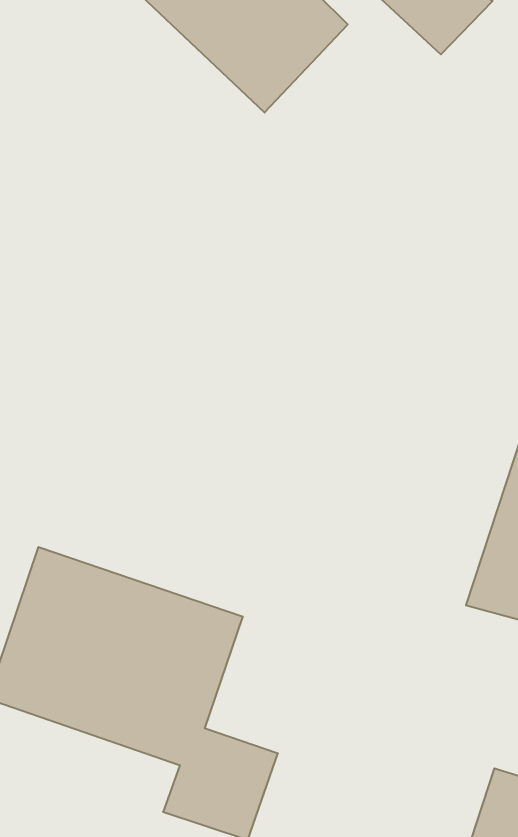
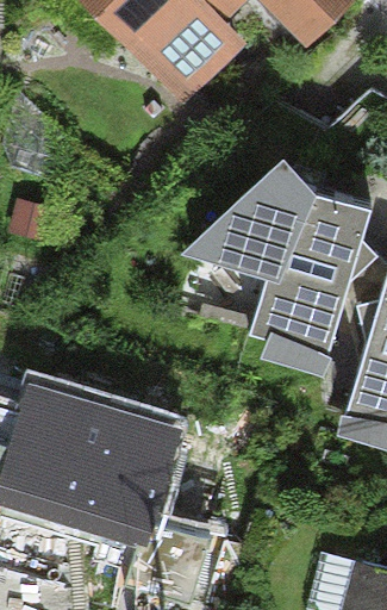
building: none -> [185,170,363,373]

